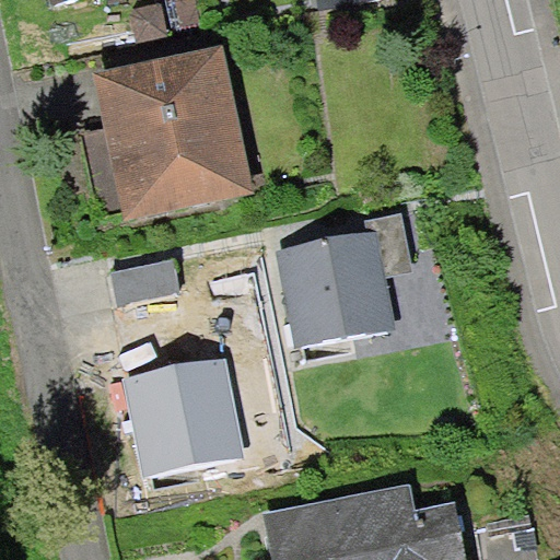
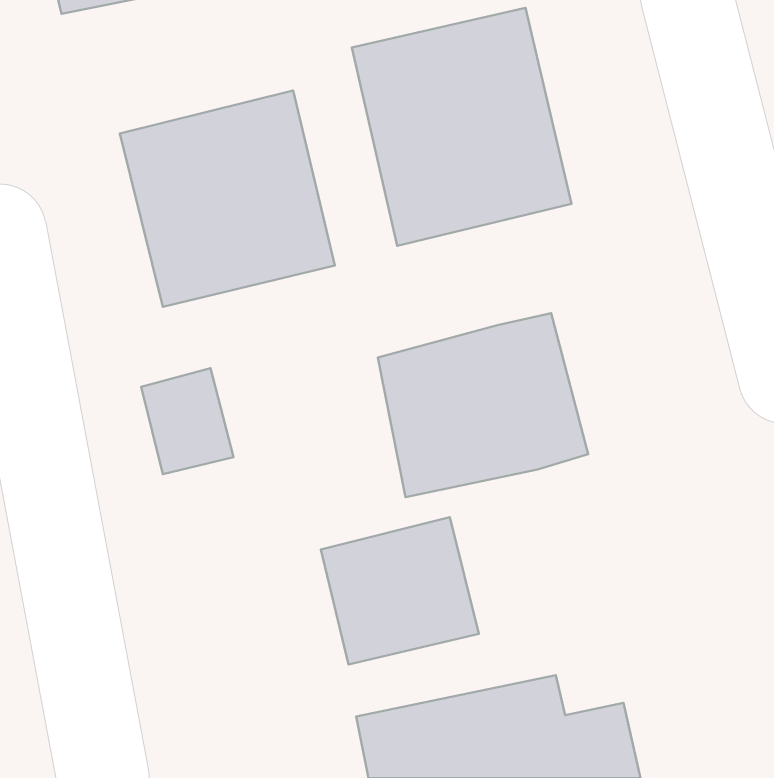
building: none -> [352,8,572,246]
building: [129,366,242,471] -> [321,517,479,665]

